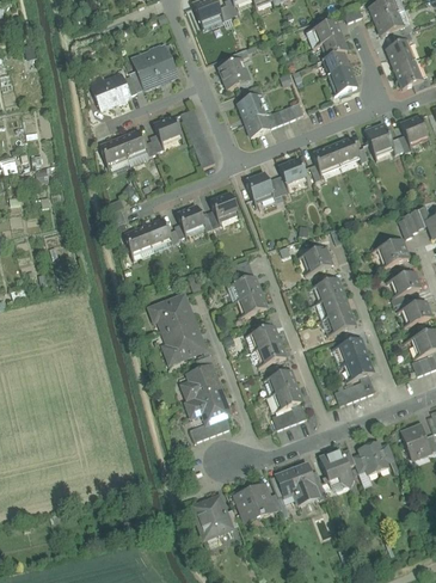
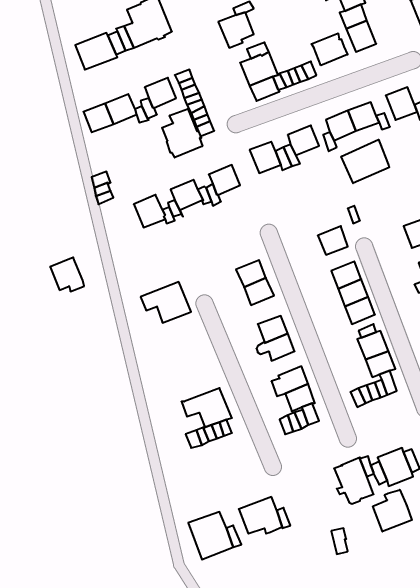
building: none -> [311,33,348,65]
building: none -> [162,109,202,158]
building: none -> [341,140,389,183]
building: [123,227,153,257] -> [50,257,84,291]
building: [164,321,204,362] -> none
building: [183,366,219,400] -> none
building: [276,464,318,504] -> none
building: none -> [373,490,412,532]

